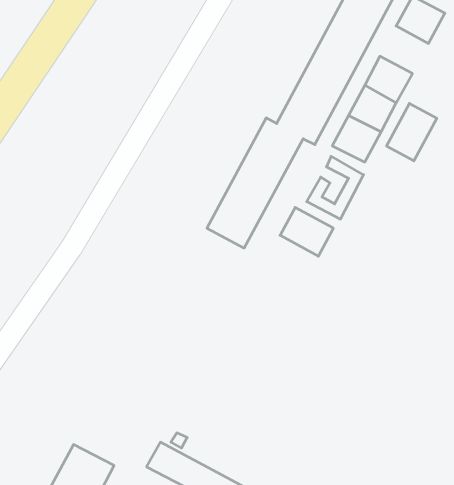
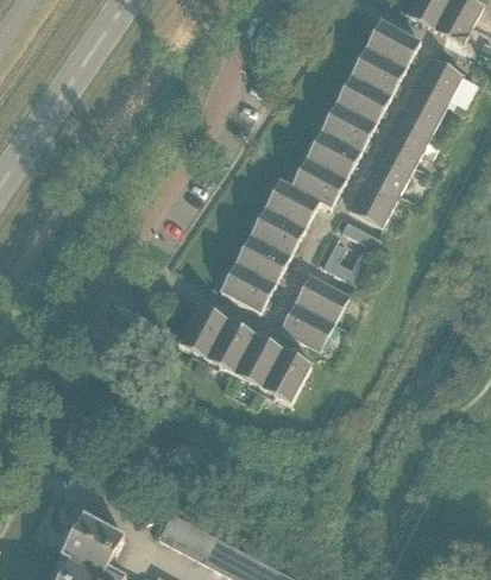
building: none -> [397,86,447,134]
building: [387,103,437,161] -> none
building: none -> [279,300,334,349]
building: none -> [177,303,311,402]

